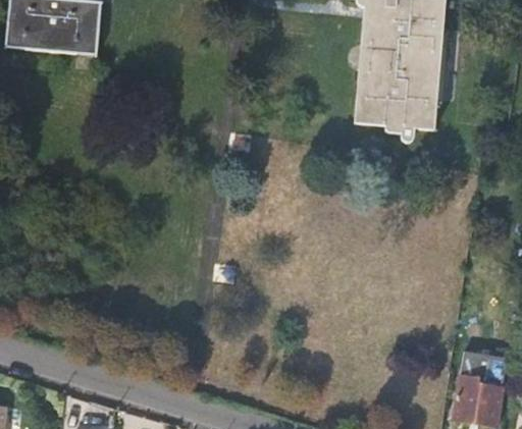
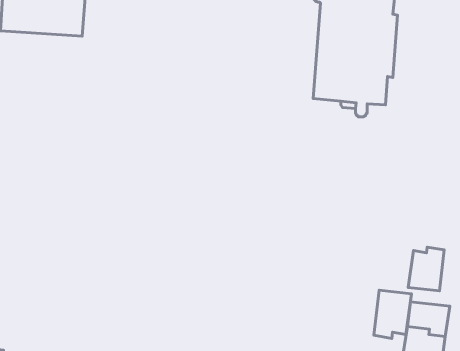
building: none -> [408,247,444,291]
building: none -> [374,290,412,338]

